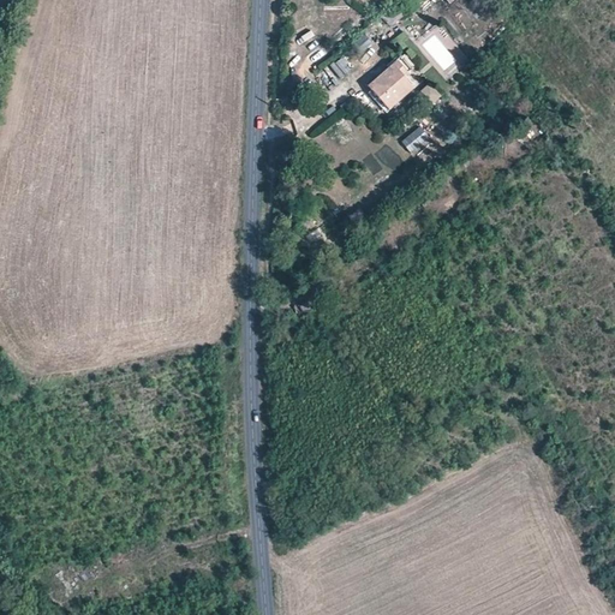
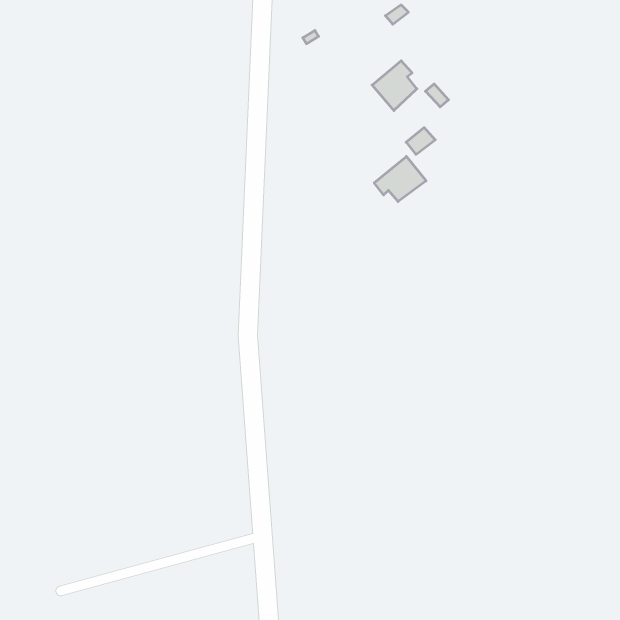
building: none -> [374,156,426,202]

